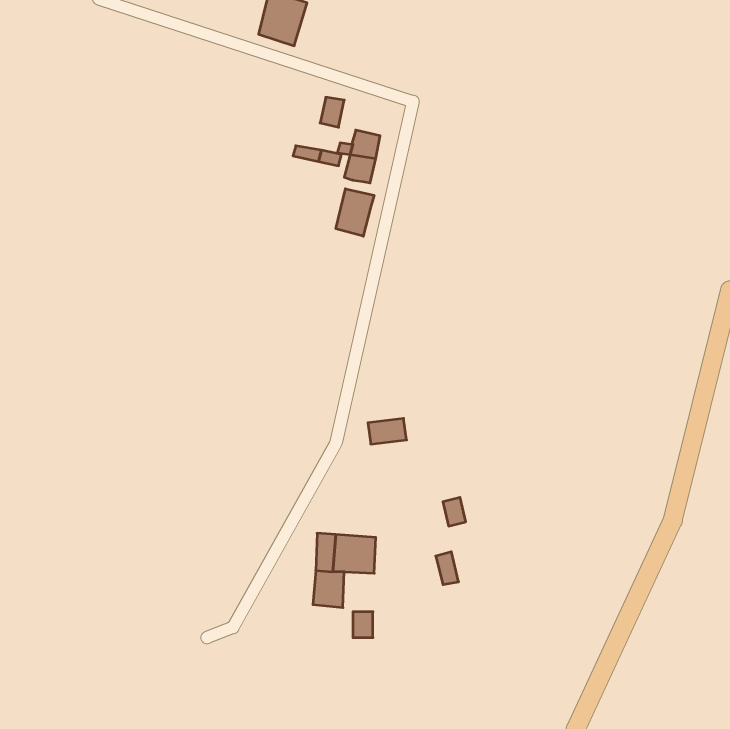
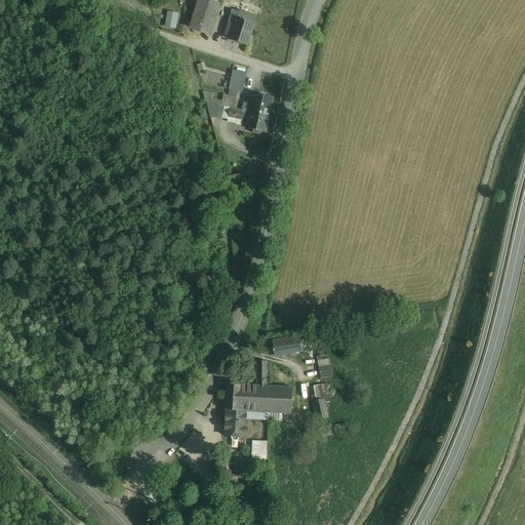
building: none -> [226,8,259,44]
building: [336,189,374,236] -> none
building: [368,418,407,444] -> [273,336,300,355]
building: none -> [269,386,293,413]

